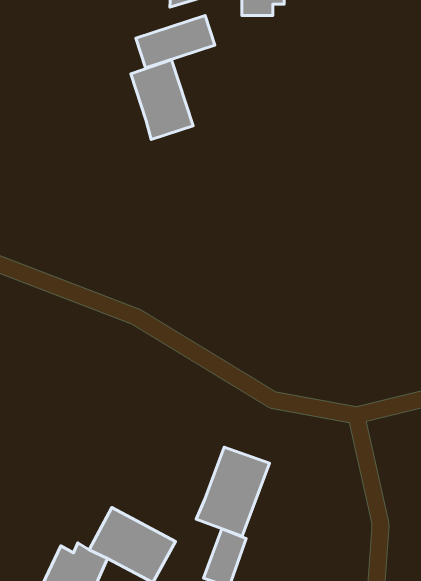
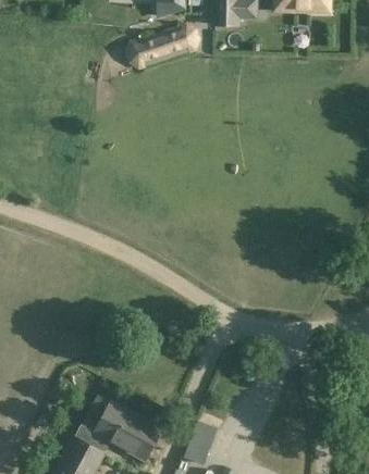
building: [131,60,193,140] -> none
building: [196,447,269,536] -> none

